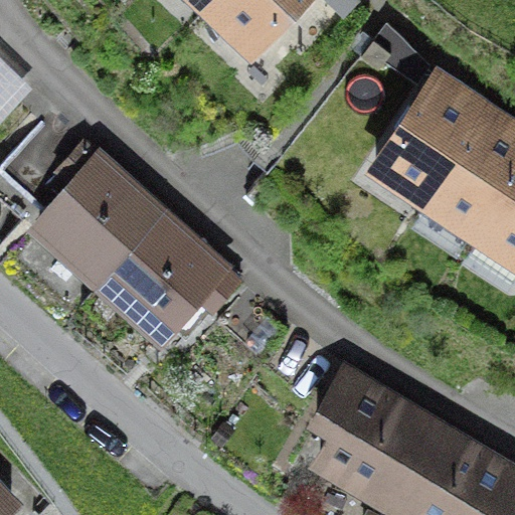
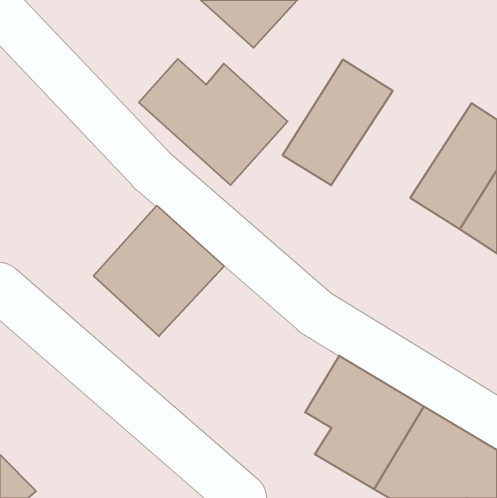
building: none -> [139,59,288,185]
building: [373,74,487,204] -> [283,60,393,185]
building: [31,154,162,285] -> none

